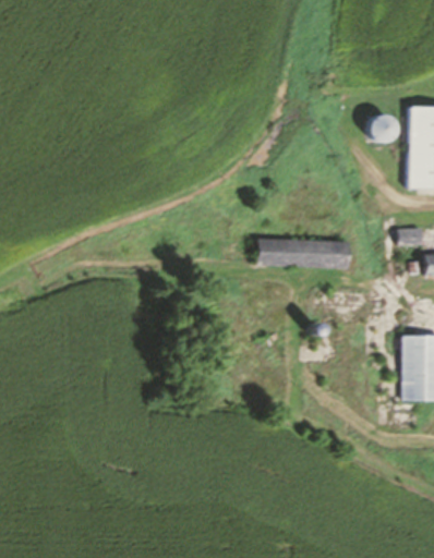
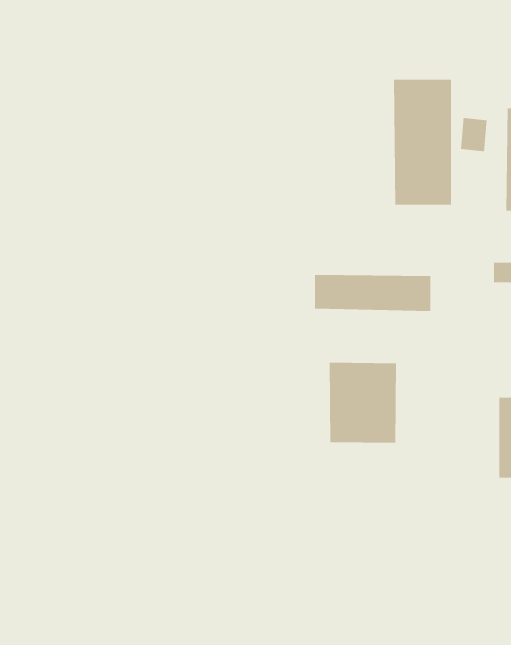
building: none -> [393,79,452,206]
building: none -> [329,362,397,443]

